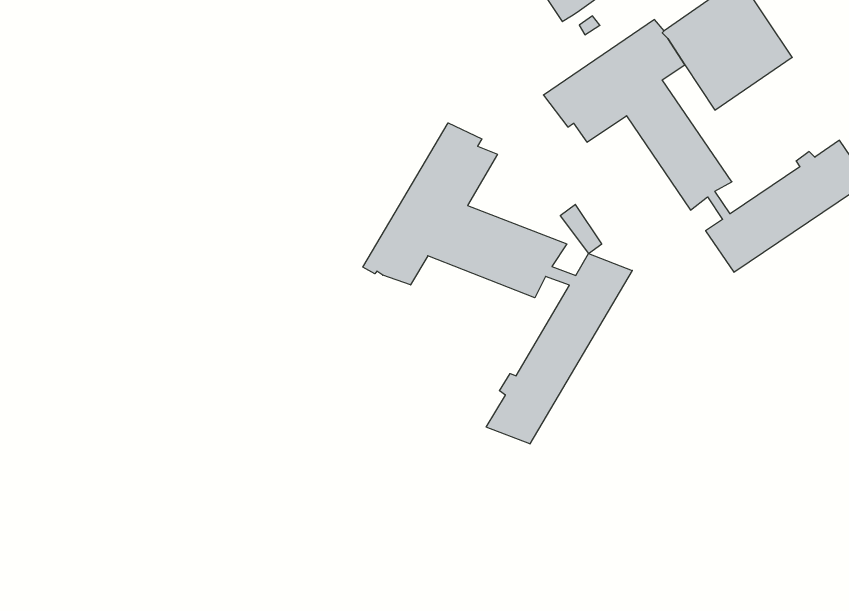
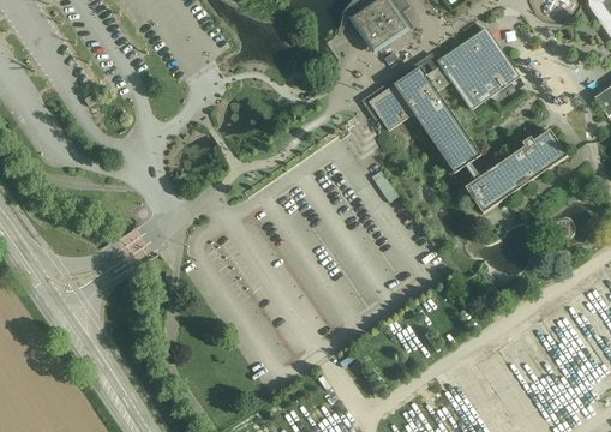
building: [363,123,632,444] -> none

